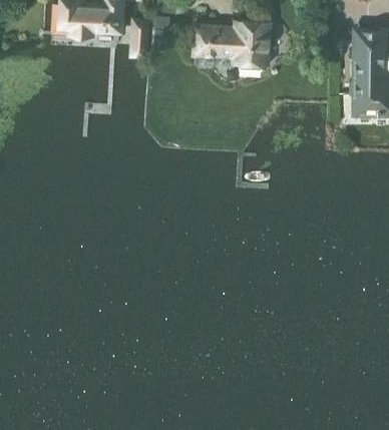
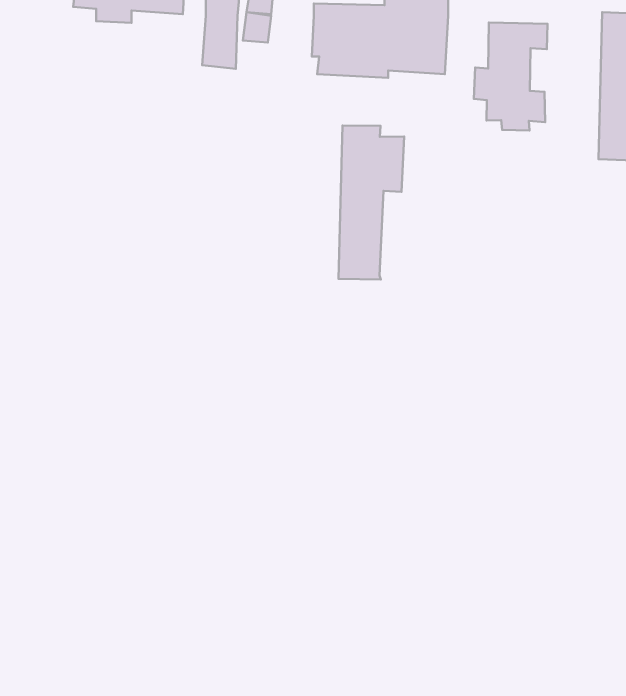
building: none -> [474,22,547,130]
building: none -> [338,126,404,279]

